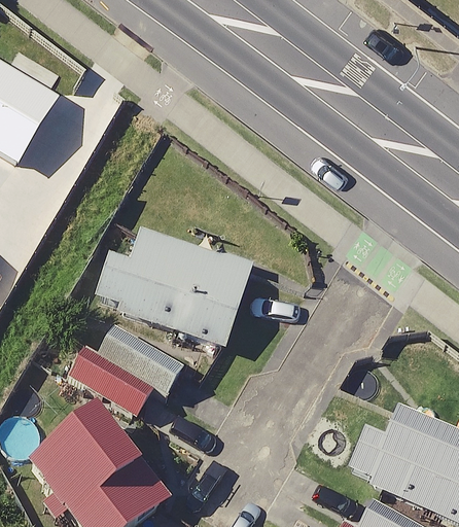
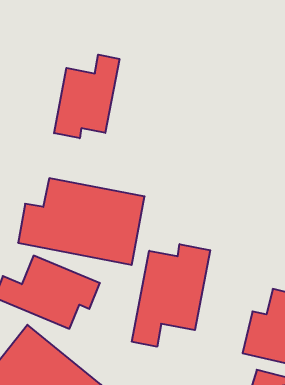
building: none -> [54,55,119,138]
building: none -> [132,244,210,347]

